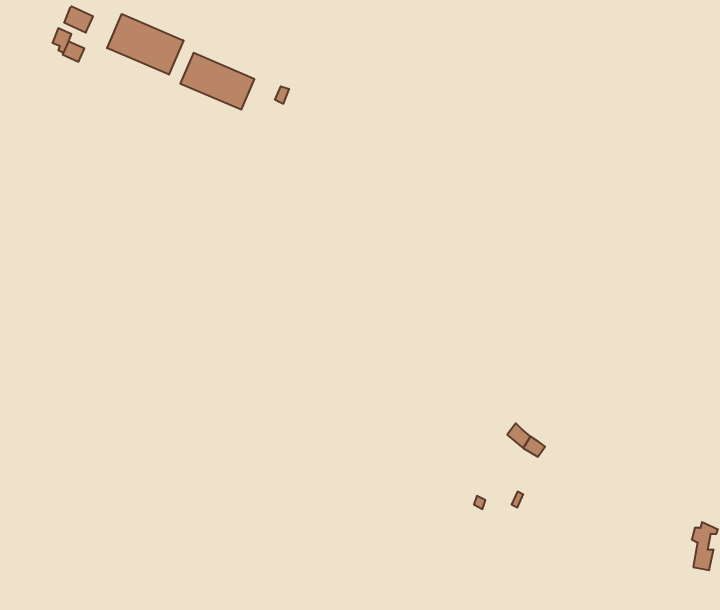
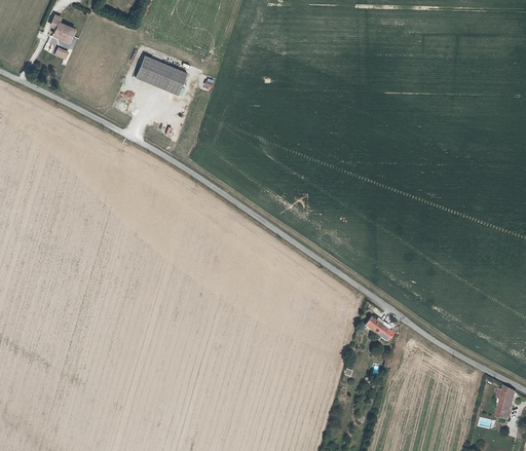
building: [107,14,184,75] -> none

